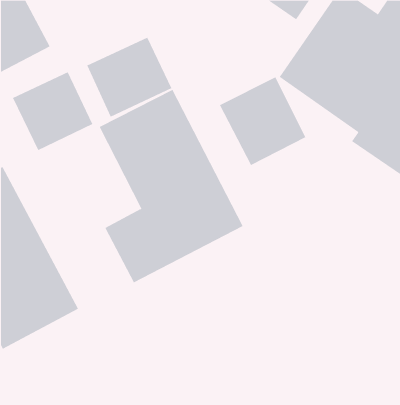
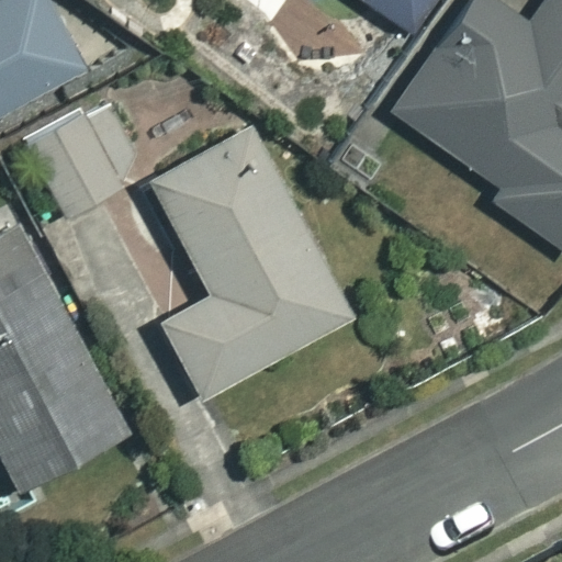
building: [86,37,172,118] -> none
building: [219,77,306,166] -> none

